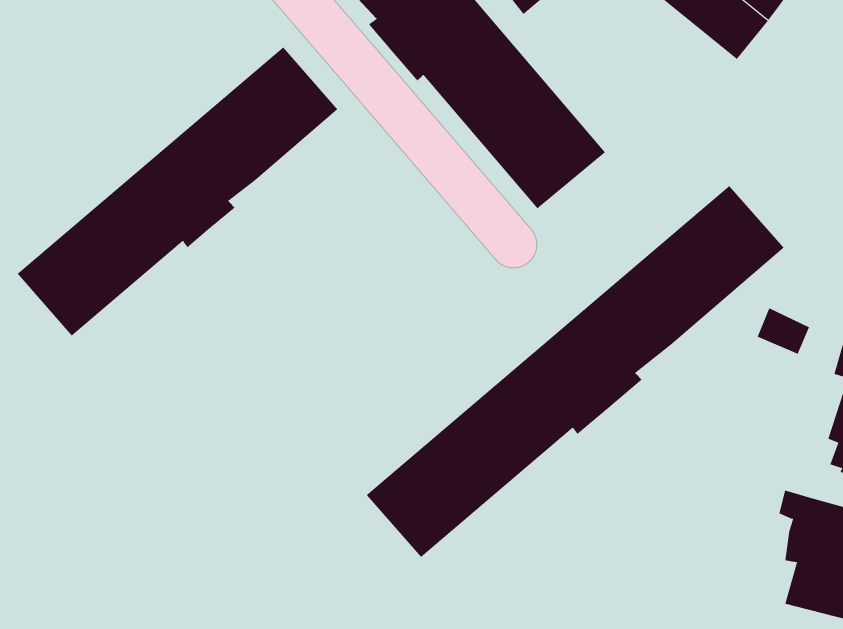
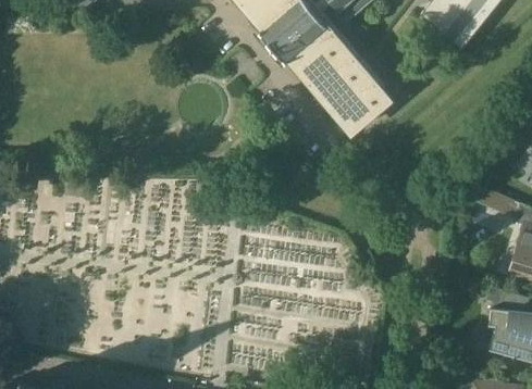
building: [17,47,338,336] -> none
building: [366,185,785,558] -> none

